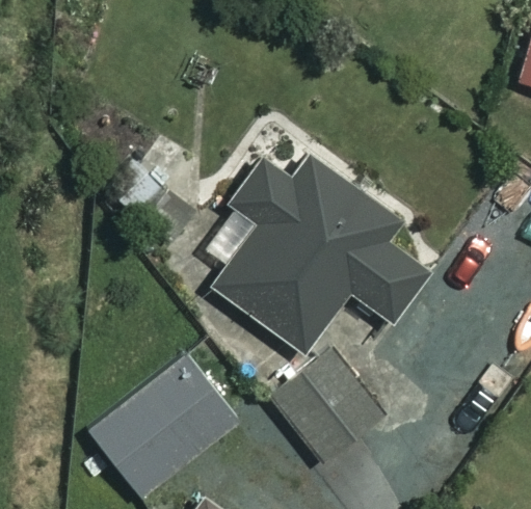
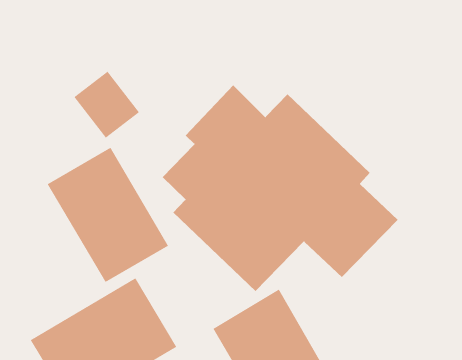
building: none -> [47,147,169,283]

